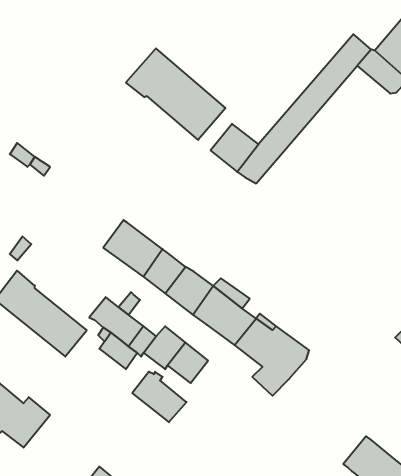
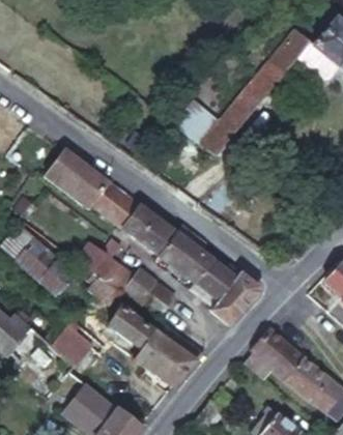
building: [126,48,225,140] -> none
building: none -> [45,149,107,207]
building: none -> [51,319,94,363]
building: none -> [137,324,202,385]
building: none -> [246,327,306,381]

